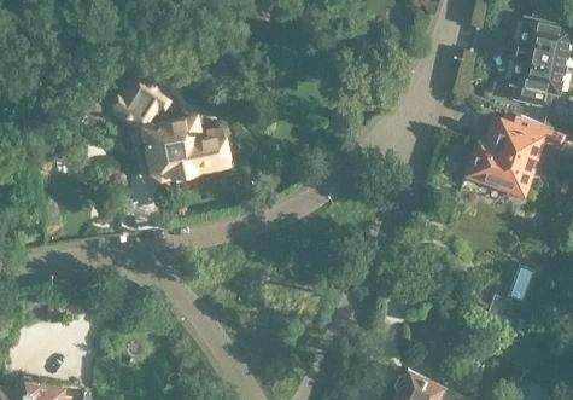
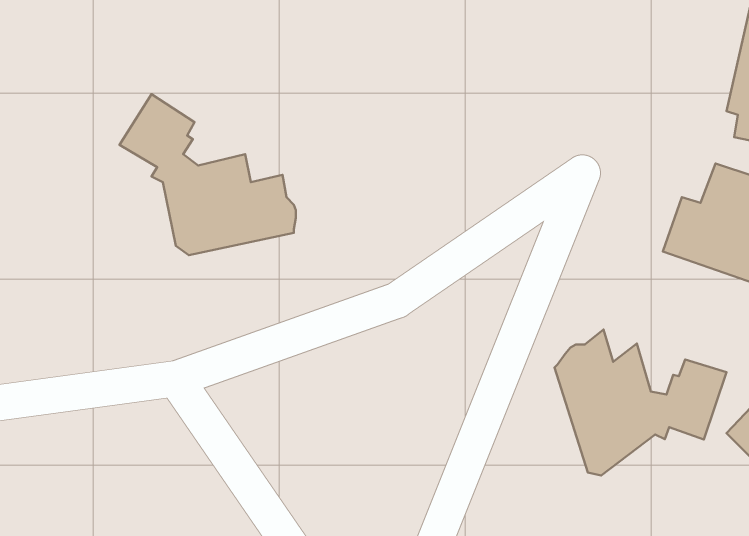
building: none -> [555,329,727,476]

